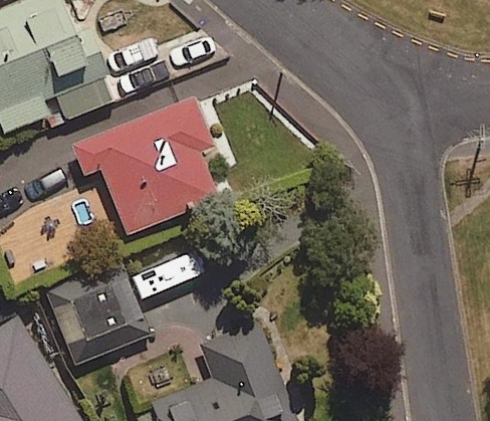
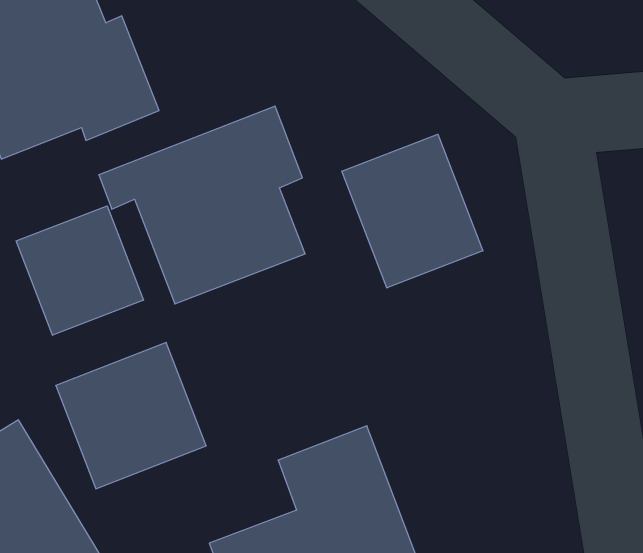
building: none -> [342,134,483,288]
building: none -> [16,206,143,335]

